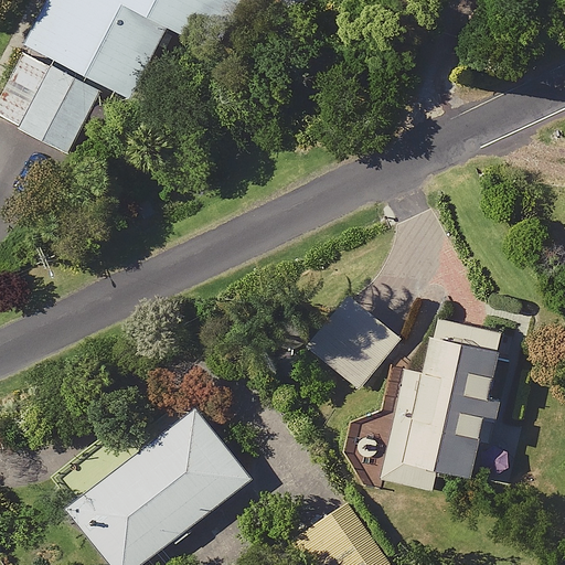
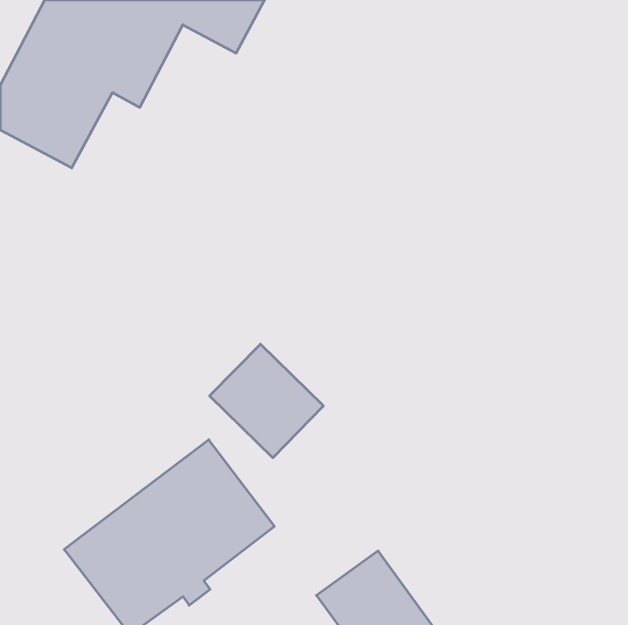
building: [300,291,402,393] -> [210,344,323,458]
building: [370,323,505,497] -> none

